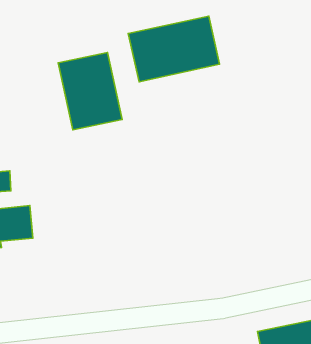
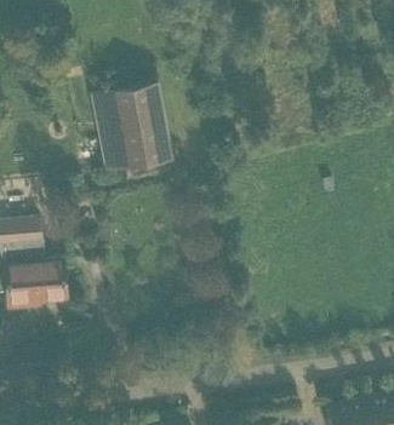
building: [128,16,220,82] -> none

